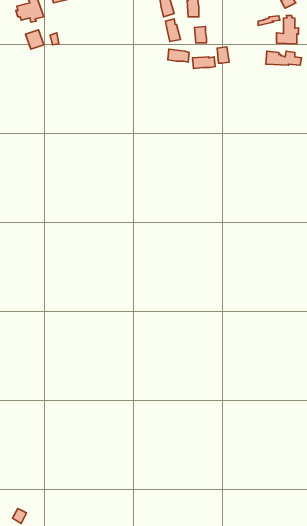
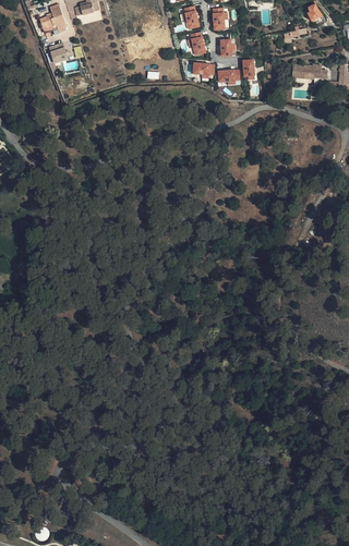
building: [276,15,299,44] -> none

